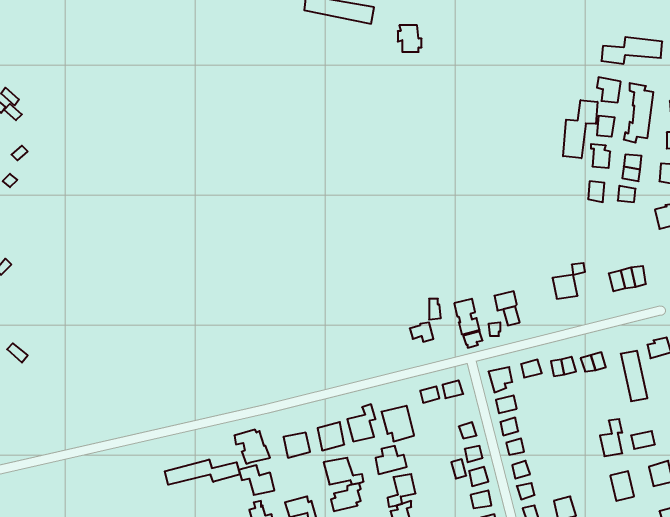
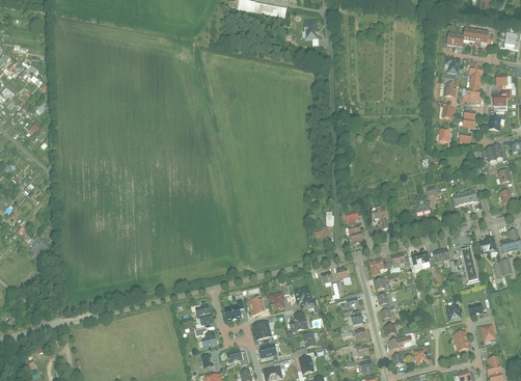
building: [563,100,597,158] -> none
building: [165,459,240,485] -> none

